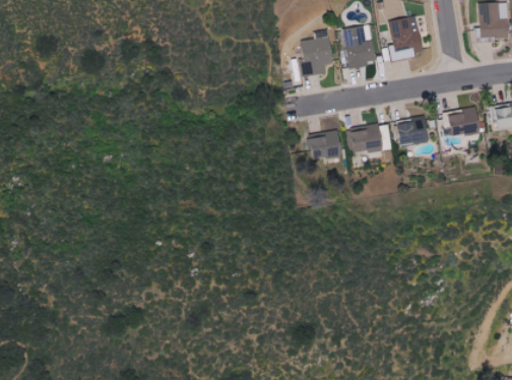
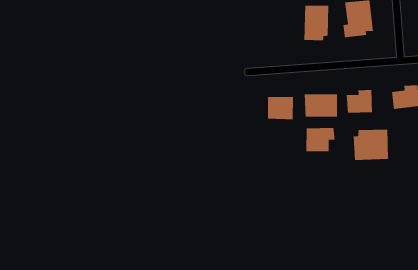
building: [298,28,331,76] -> none
building: none -> [353,129,389,161]
building: none -> [306,127,336,152]

